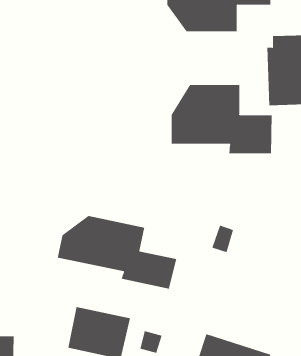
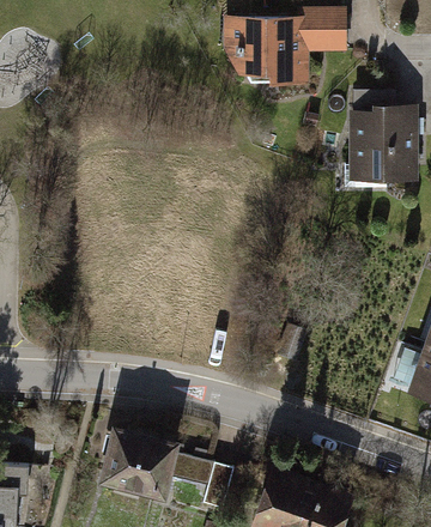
building: [171,84,272,154] -> none
building: [57,215,177,289] -> none

